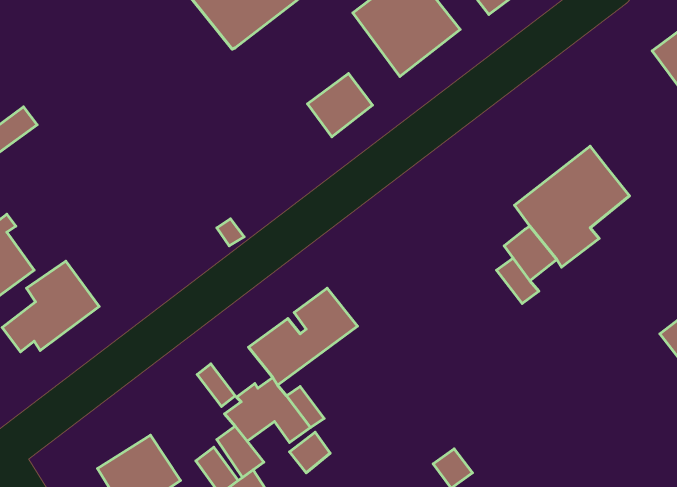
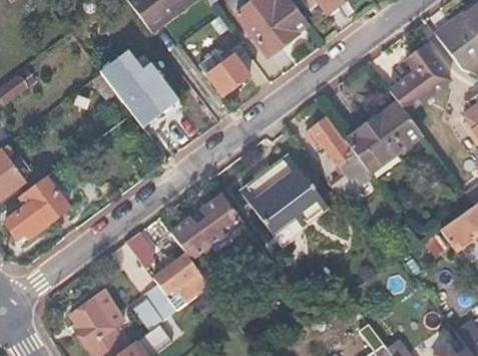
building: none -> [387,46,447,114]
building: none -> [99,49,178,126]
building: none -> [304,120,351,167]
building: none -> [238,157,325,235]

